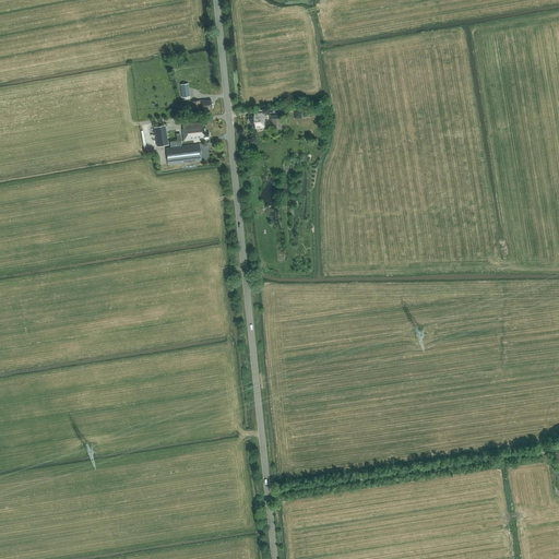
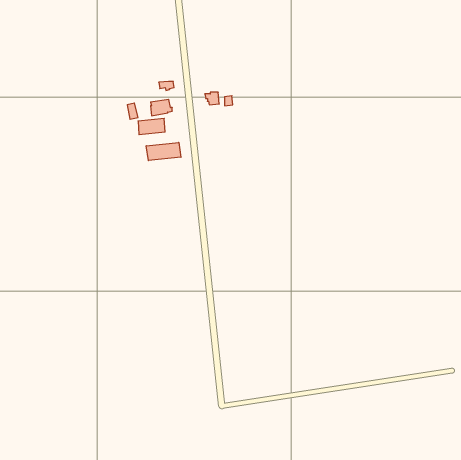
building: none -> [146,142,181,161]

